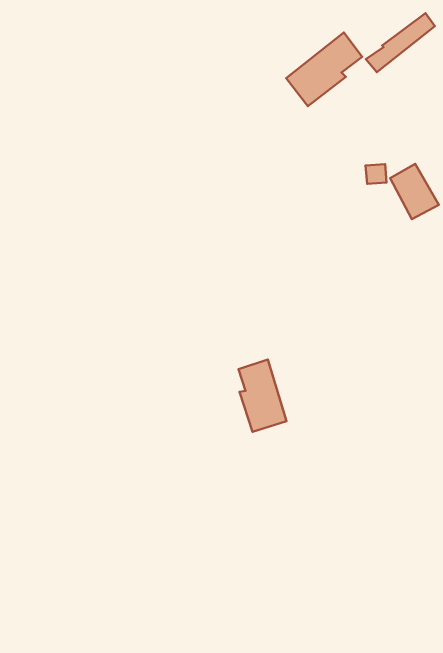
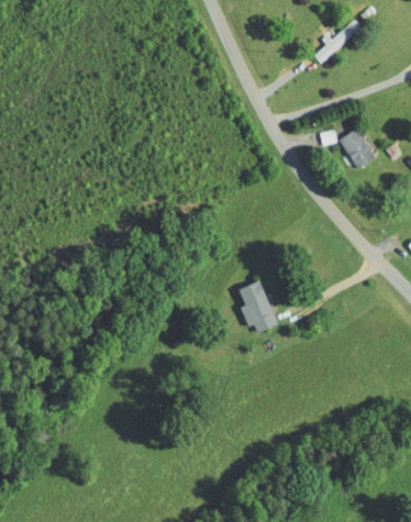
building: [286,33,362,106] -> none

